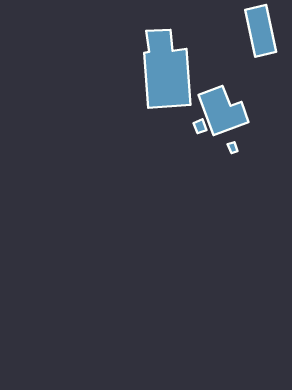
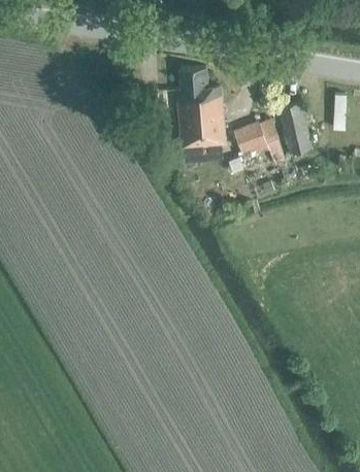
building: [245,5,276,57] -> [282,99,314,153]

